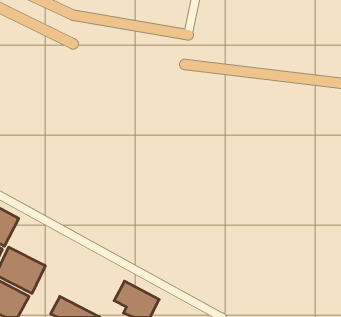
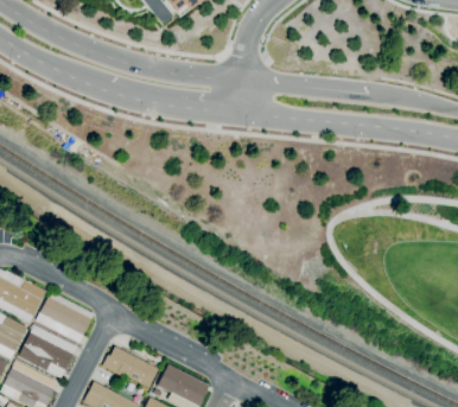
building: none -> [38,292,95,343]
building: none -> [103,346,160,388]

